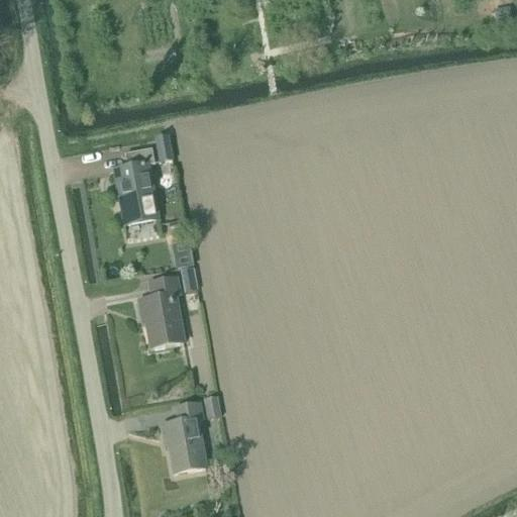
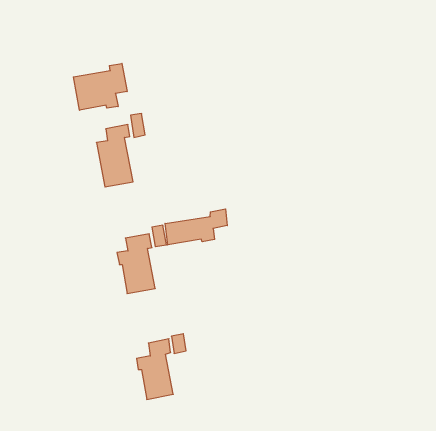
building: none -> [73,63,127,110]
building: none -> [165,209,227,245]

